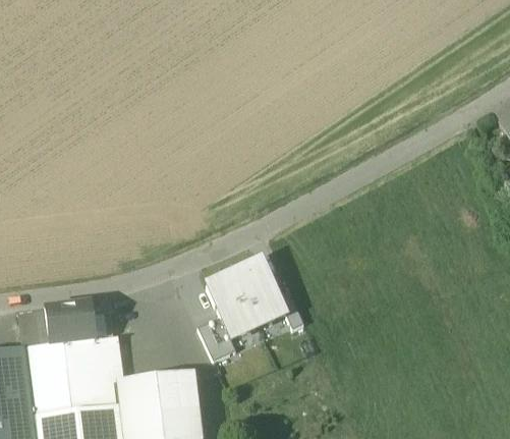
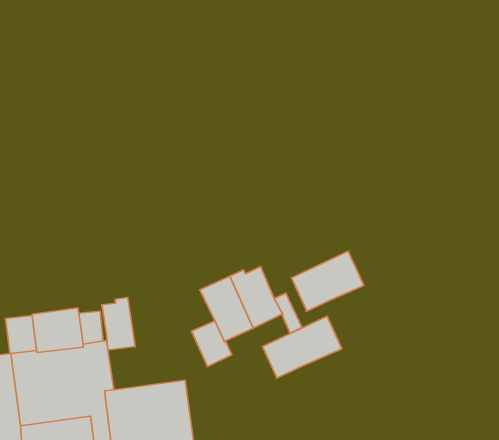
building: none -> [292,251,364,311]
building: none -> [102,297,135,350]
building: none -> [262,316,342,378]

